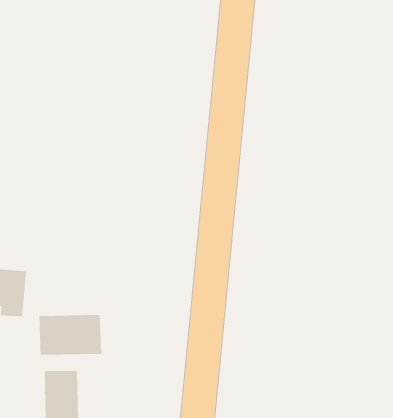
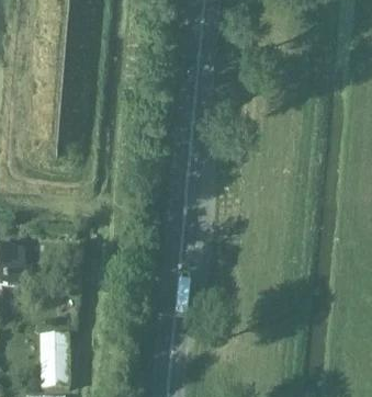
building: [39,314,102,356] -> none

